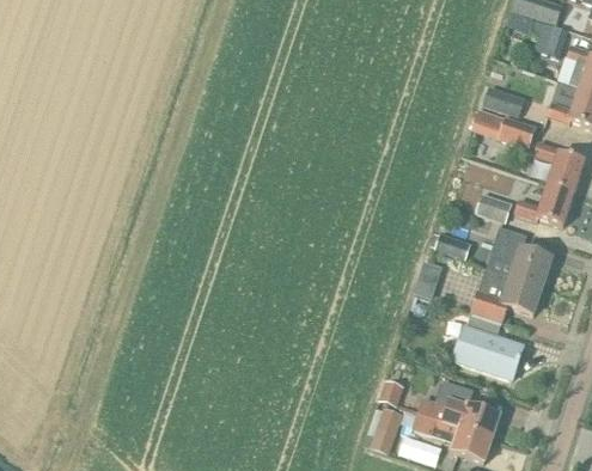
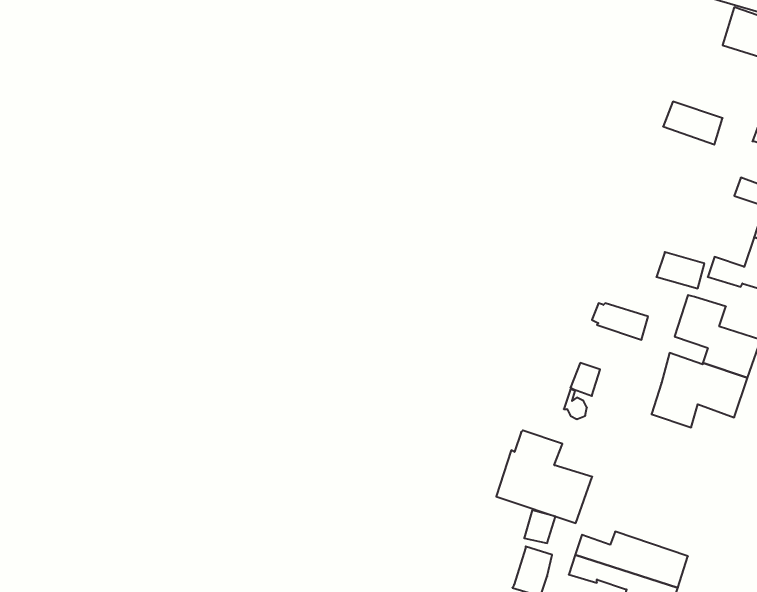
building: [486,112,536,149] -> none
building: [453,312,523,379] -> [496,430,592,523]

